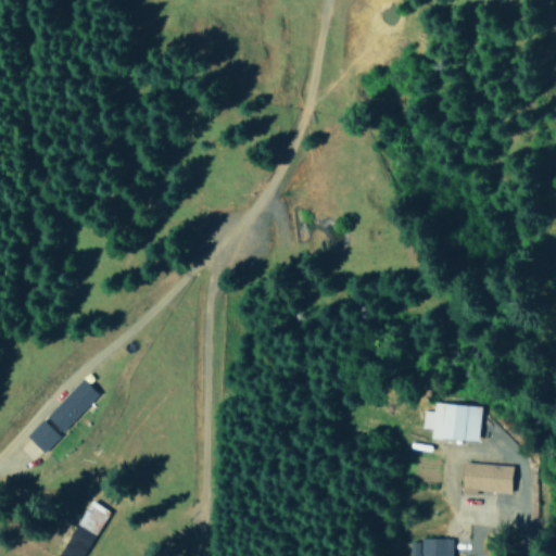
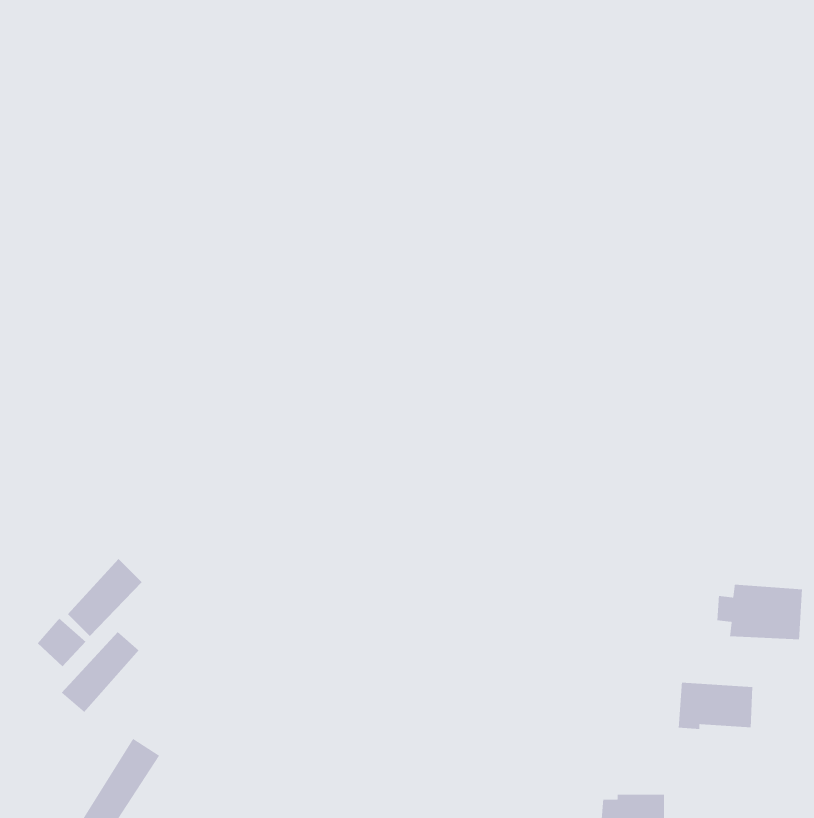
building: [424,403,482,441] -> [716,584,803,640]
building: none -> [61,631,140,713]

